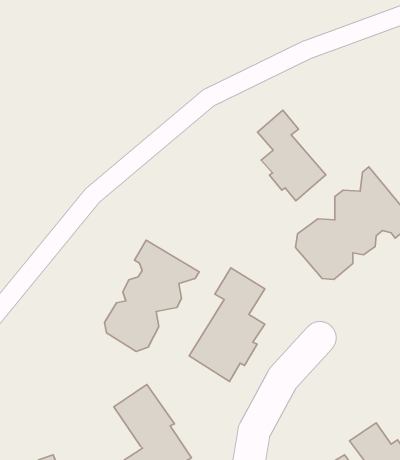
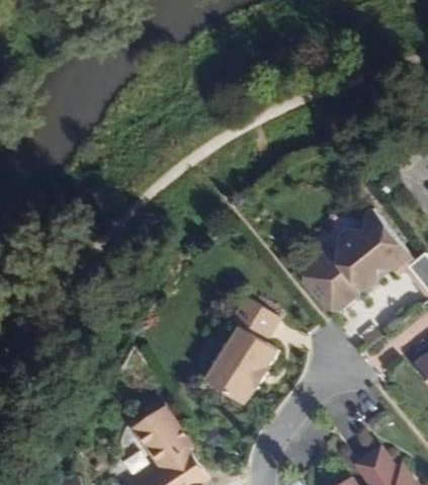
building: [257,110,326,201] -> none
building: [105,240,199,351] -> none

